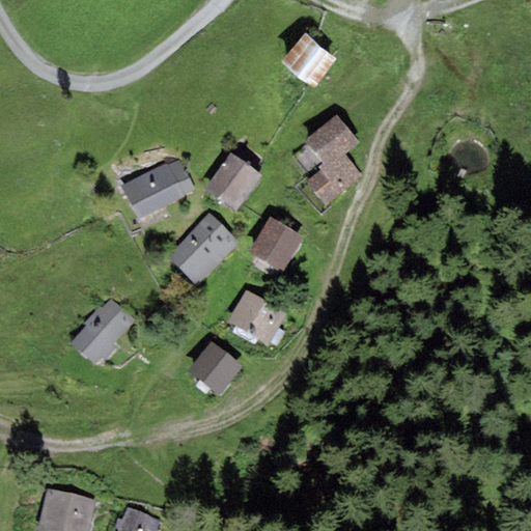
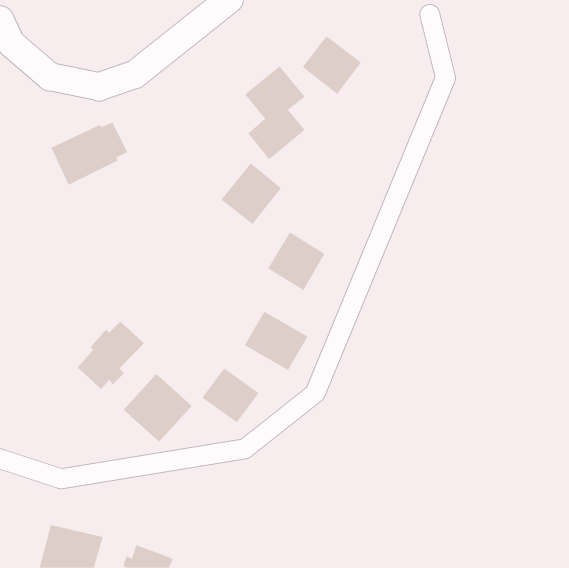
building: [304,114,361,202] -> [244,65,305,160]
building: [121,160,194,219] -> [50,122,128,185]
building: [169,215,239,284] -> none
building: none -> [123,373,192,443]

